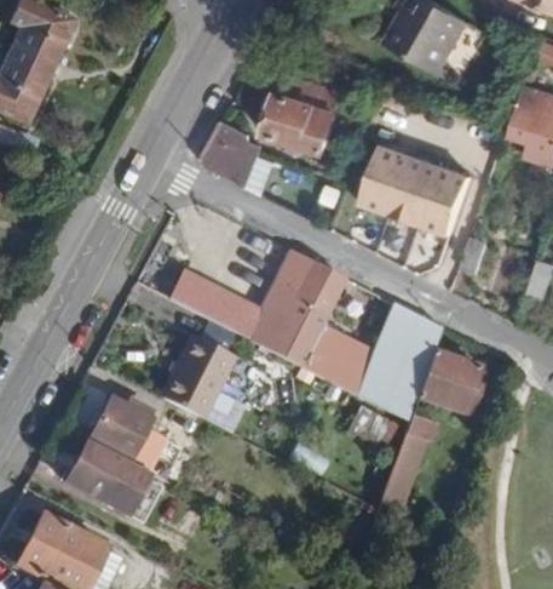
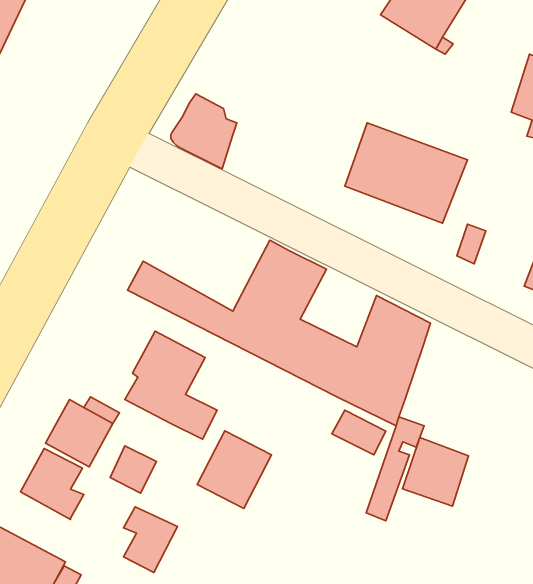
building: [264,70,344,150] -> none
building: [417,349,478,412] -> [403,438,468,506]
building: none -> [197,431,272,509]
building: [110,461,160,521] -> [123,507,177,573]

